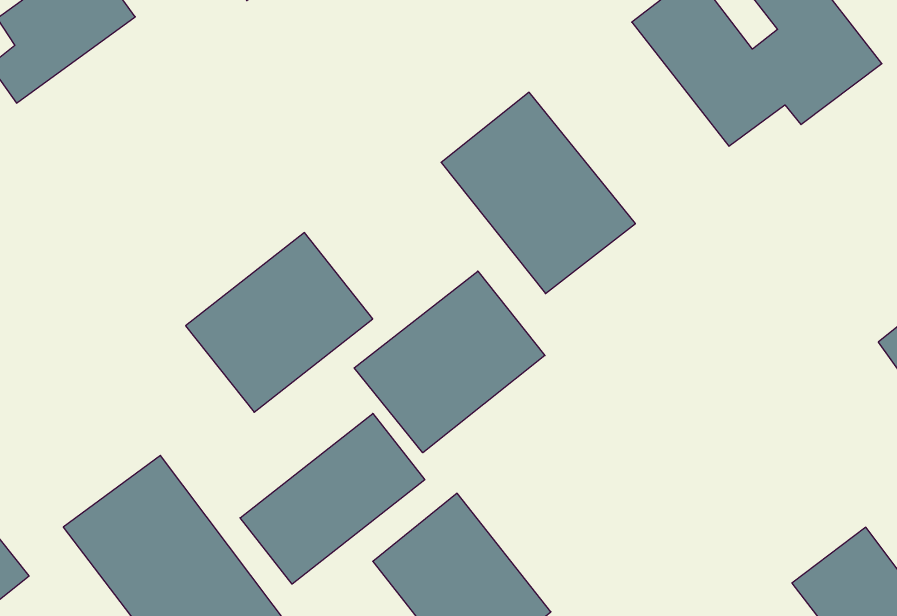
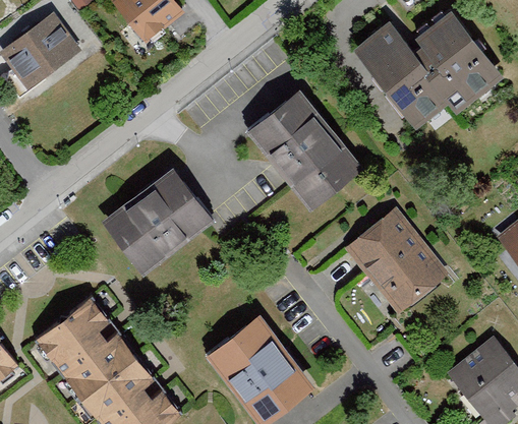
building: [354,271,545,453] -> none
building: none -> [345,208,442,308]
building: [240,413,425,584] -> none

